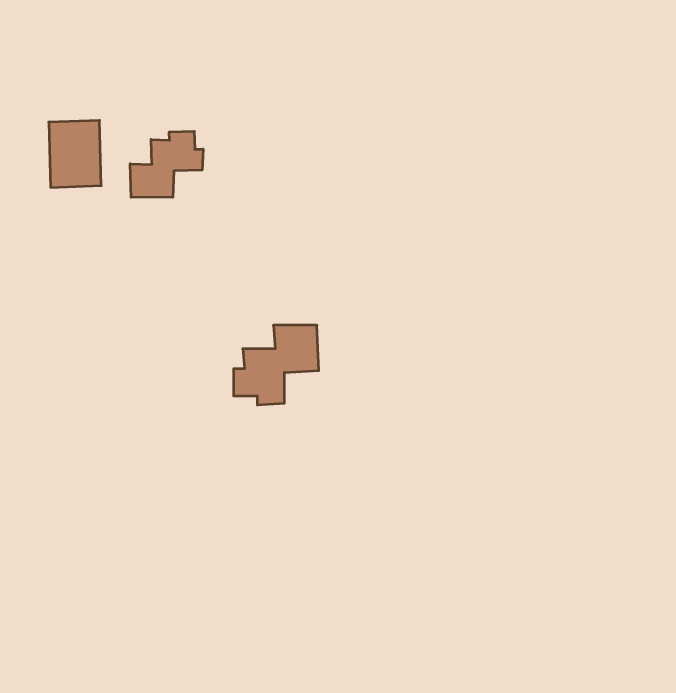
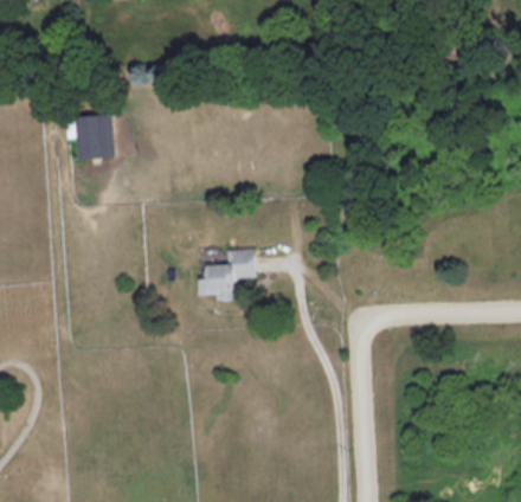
building: [130,131,203,197] -> none

